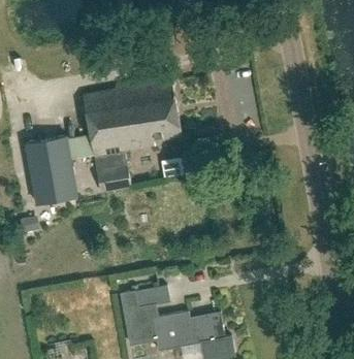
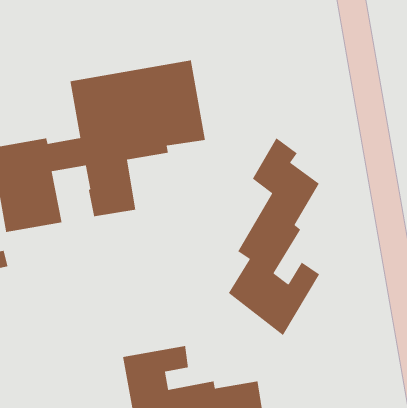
building: none -> [228,137,320,336]

